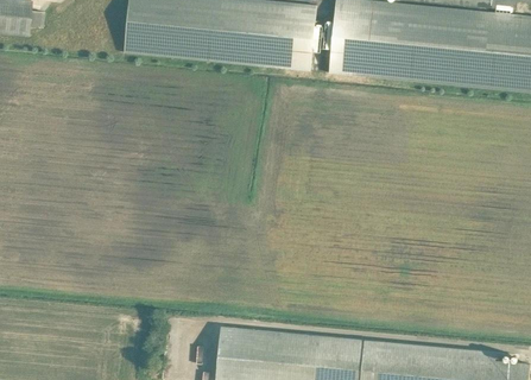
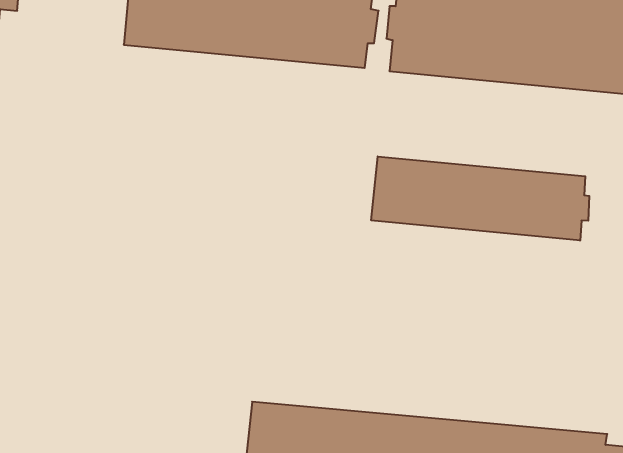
building: none -> [371,156,589,241]

